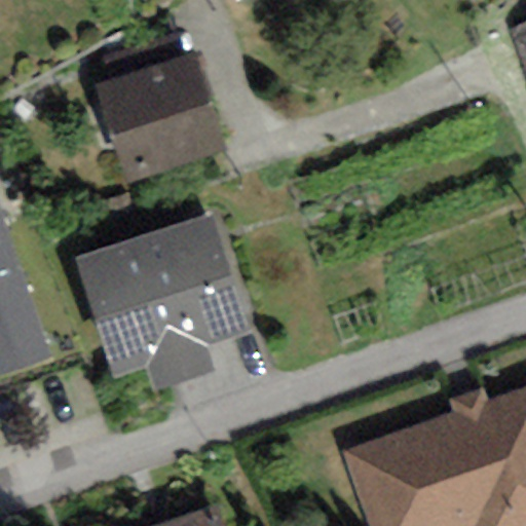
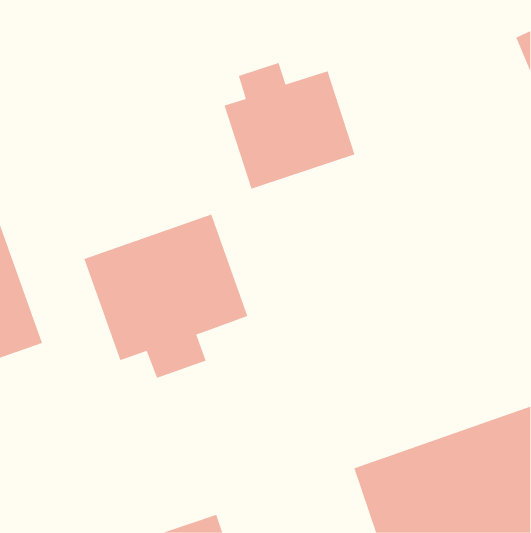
building: none -> [224,62,355,189]
building: [97,62,216,177] -> none

